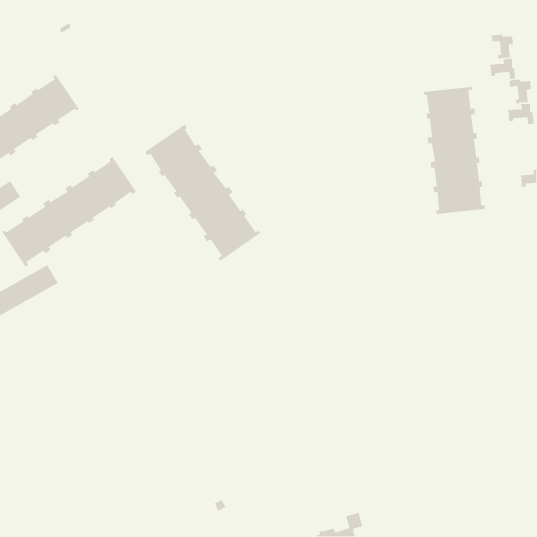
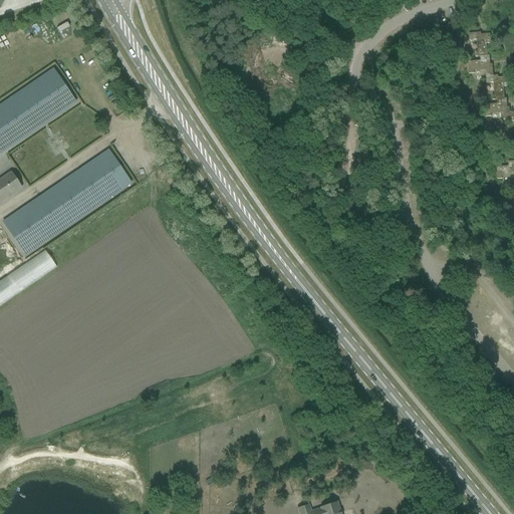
building: [422,86,485,215] -> none
building: [144,124,261,261] -> none

